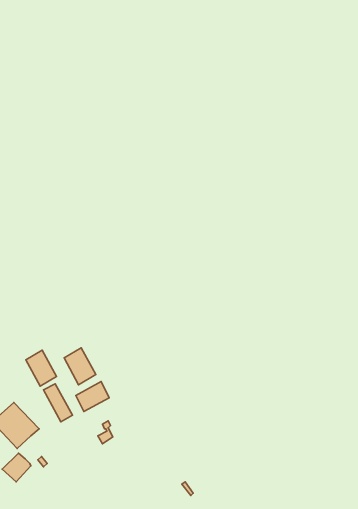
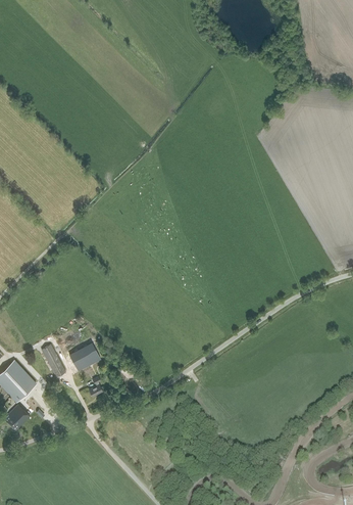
building: [64,348,96,385] -> none
building: [26,350,56,386] -> none

